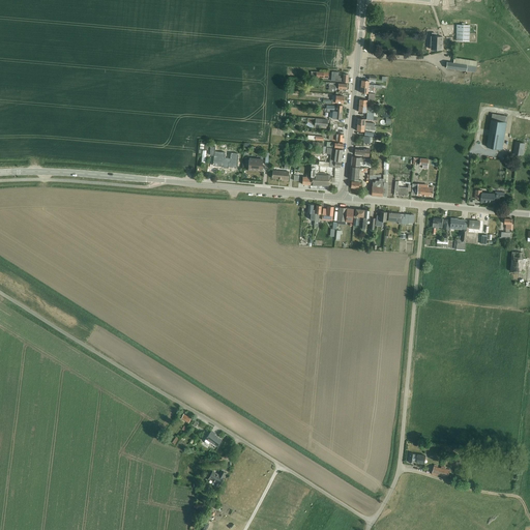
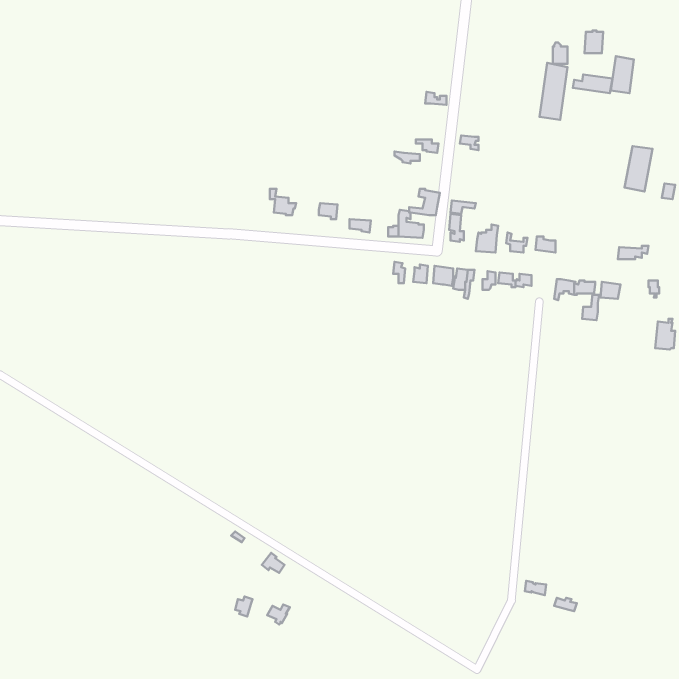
building: none -> [611,56,634,93]
building: none -> [539,63,568,120]

